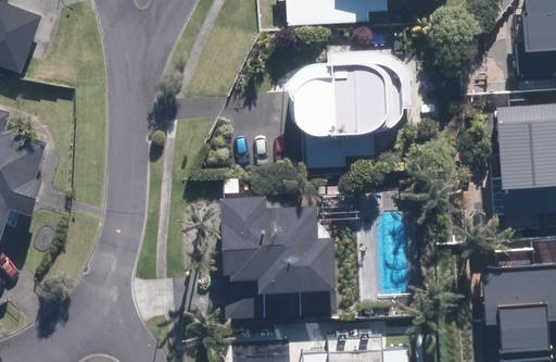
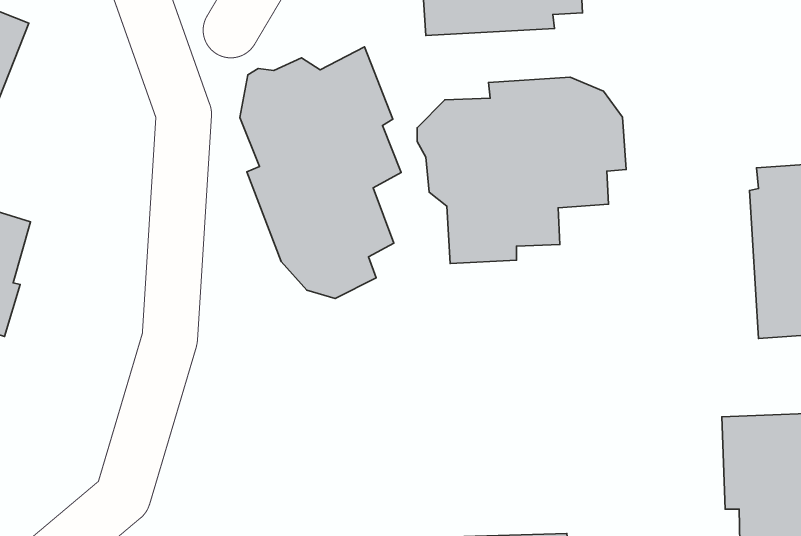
building: none -> [240,47,401,298]
building: [219,195,334,316] -> none

